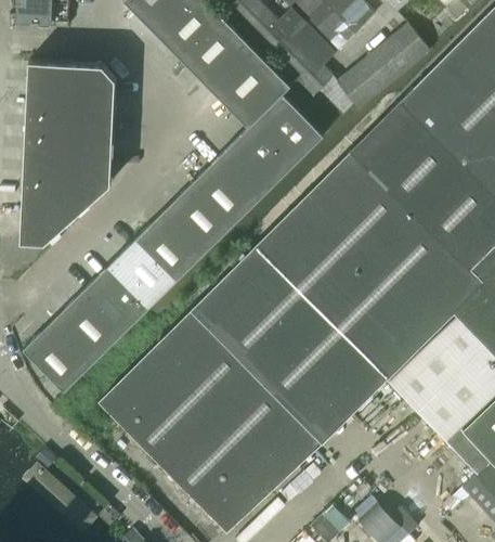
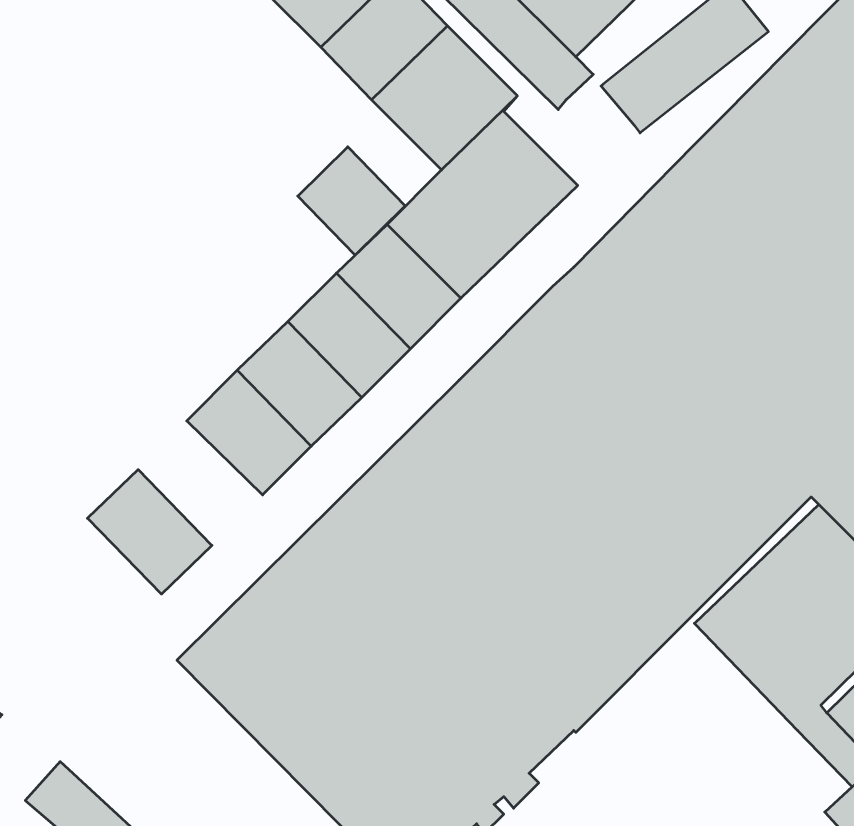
building: [19,61,116,244] -> none
building: none -> [298,147,405,255]
building: [79,268,148,337] -> none
building: [23,322,92,392] -> none

